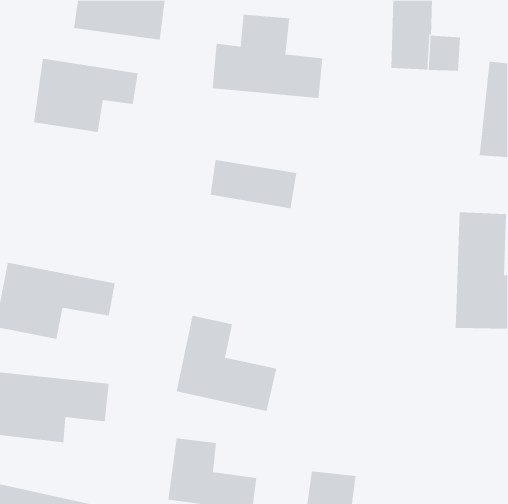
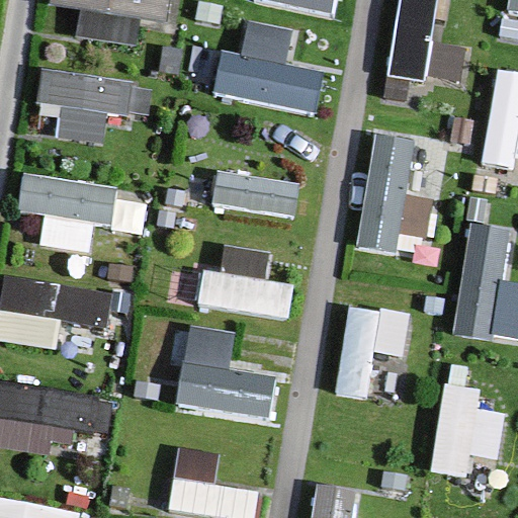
building: none -> [353,132,435,255]
building: none -> [19,175,144,250]
building: none -> [200,249,291,316]
building: none -> [338,309,407,399]
building: none -> [435,398,503,480]

